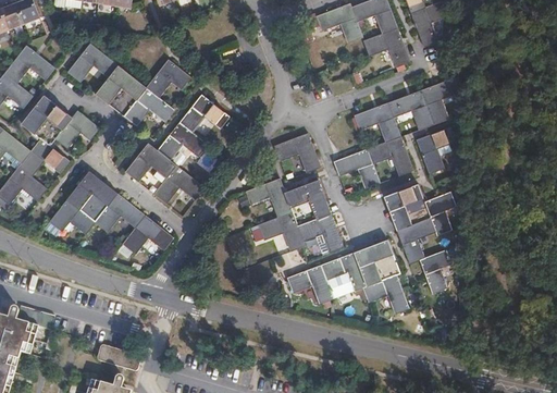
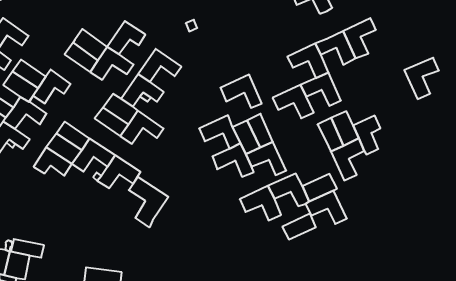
building: [67,42,117,82] -> none
building: [416,126,456,173] -> [404,58,439,99]
building: [354,238,393,267] -> [282,214,316,239]
building: none -> [129,177,168,227]
building: [419,250,451,294] -> none

